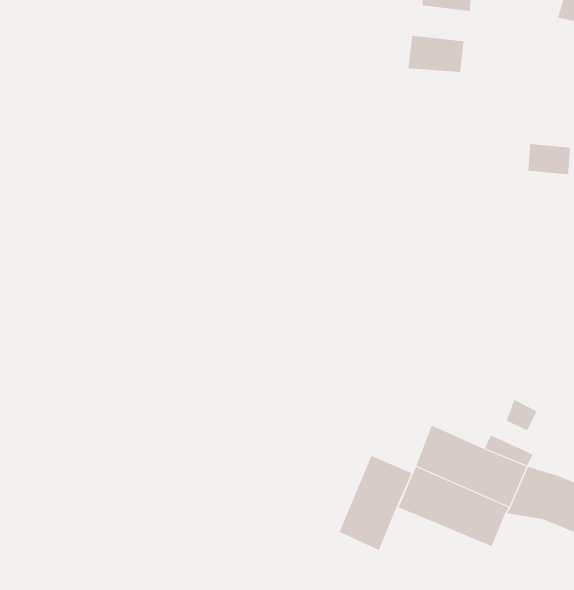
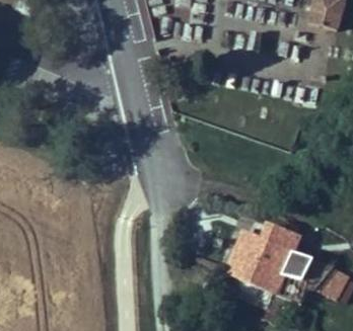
building: [339,455,413,551] -> none

